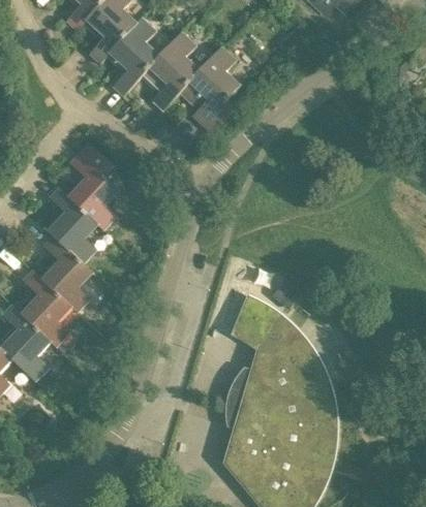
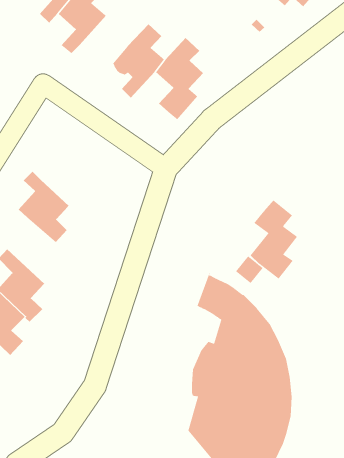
building: [110,15,159,96] -> none
building: [68,141,120,230] -> none
building: none -> [250,199,298,279]
building: [42,236,94,314] -> none

